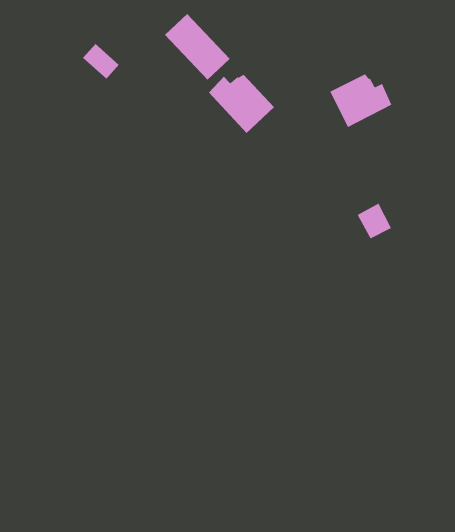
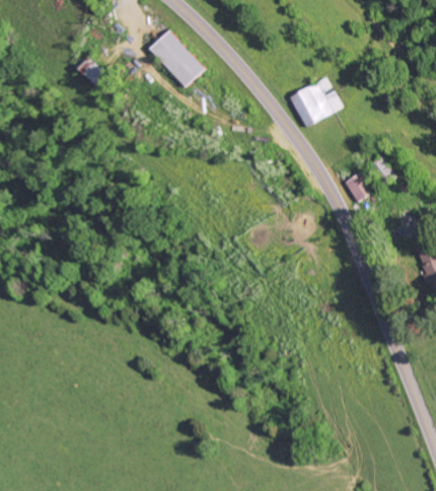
building: [208,74,275,134] -> none
building: [357,203,392,239] -> [342,171,371,202]

